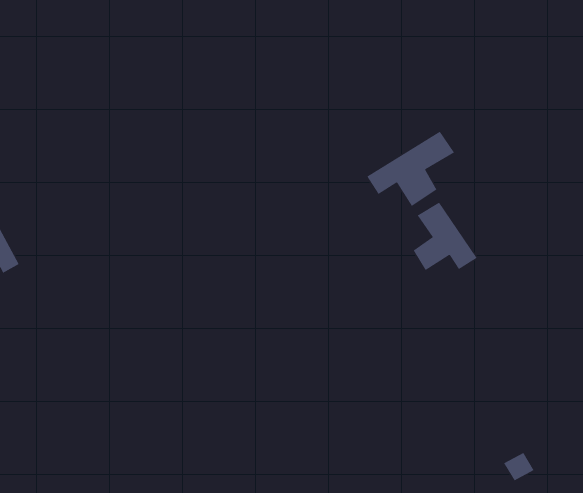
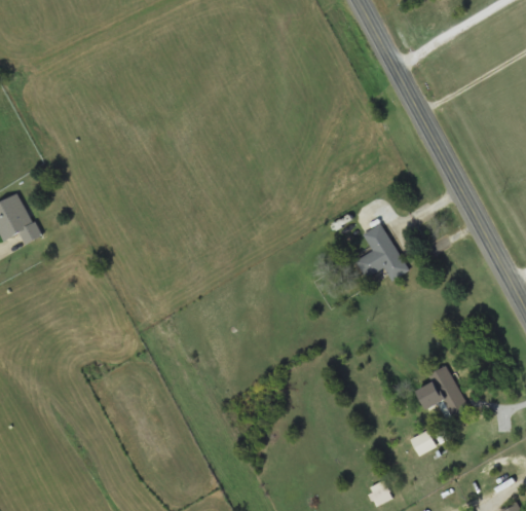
building: [366,131,455,207] -> none
building: none -> [416,366,467,417]

